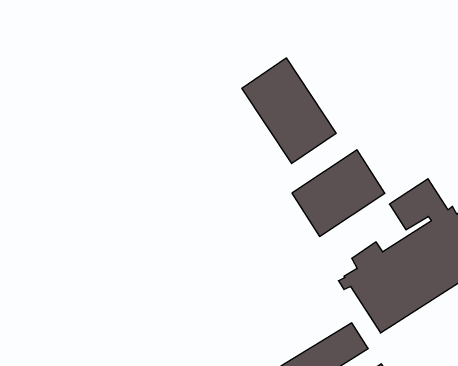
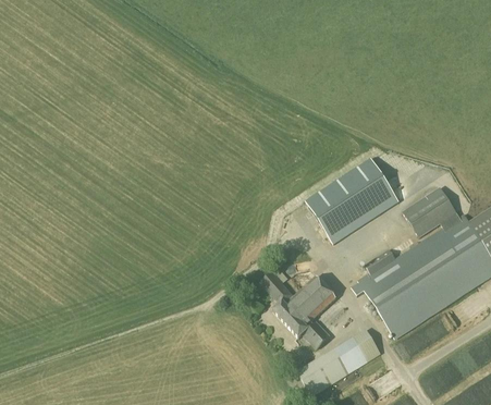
building: [242,58,336,164] -> none
building: none -> [261,270,337,348]

